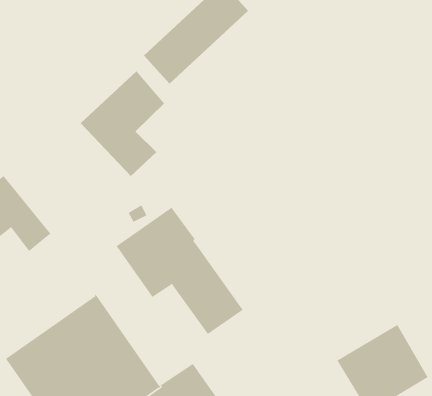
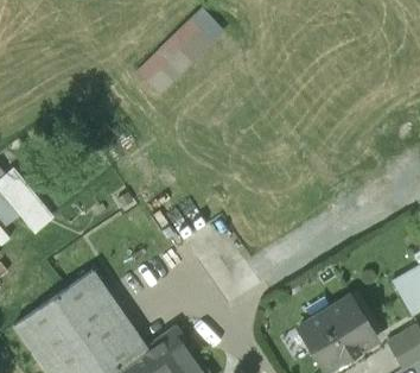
building: [80,70,165,177] -> none
building: [116,207,243,335] -> none

